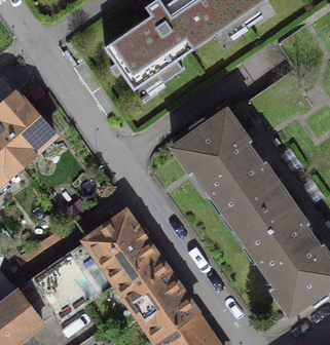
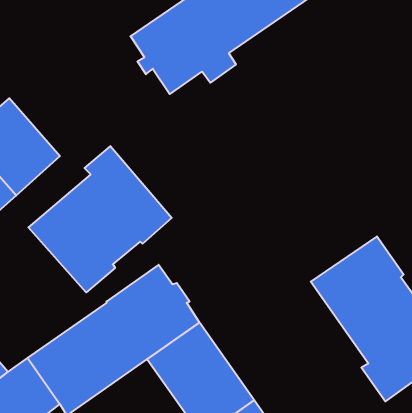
building: [174,110,285,226] -> none
building: none -> [28,146,172,292]

